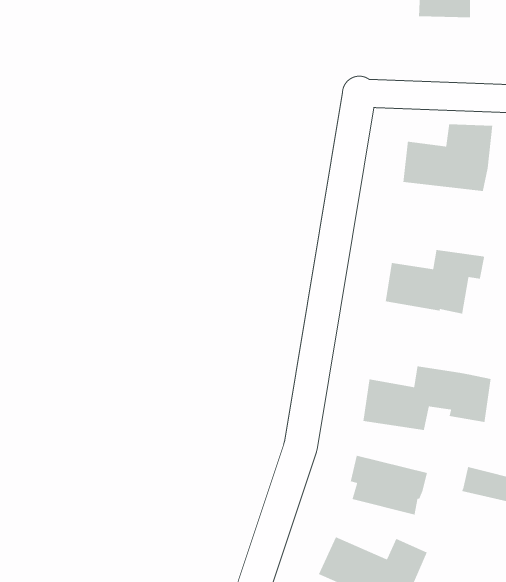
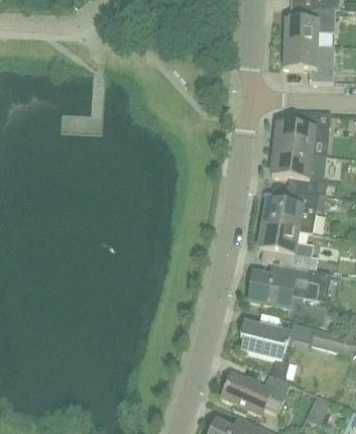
building: none -> [283,43,334,81]
building: none -> [270,148,327,195]
building: none -> [258,224,317,269]

